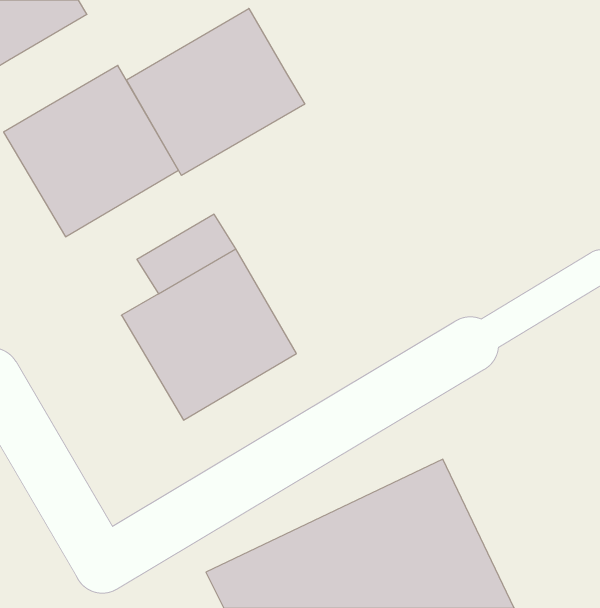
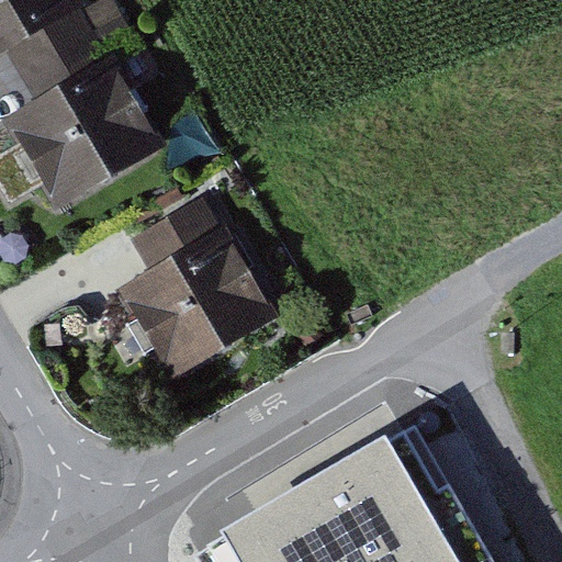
building: [127,8,305,175] -> none
building: none -> [9,13,109,102]

